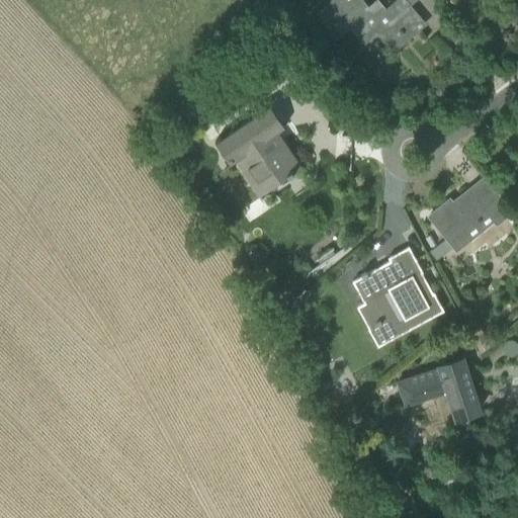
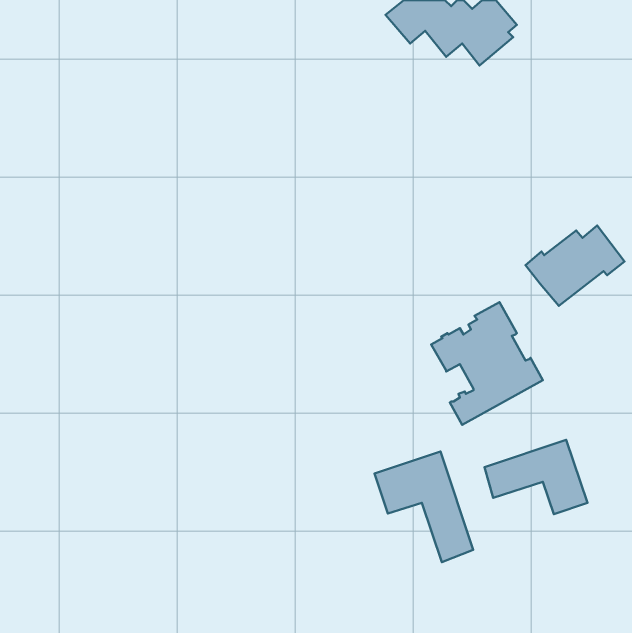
building: [215,106,303,196] -> none
building: none -> [375,452,473,562]

